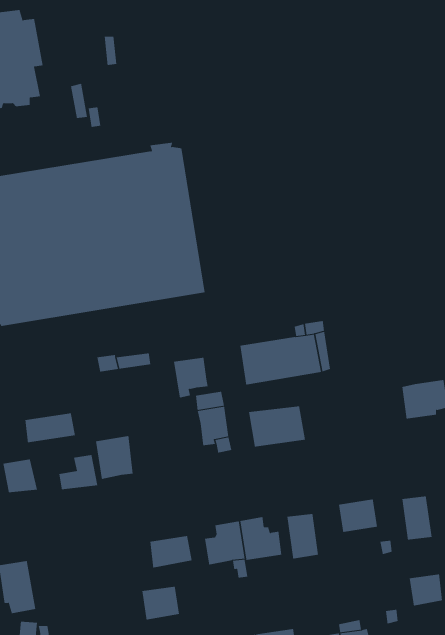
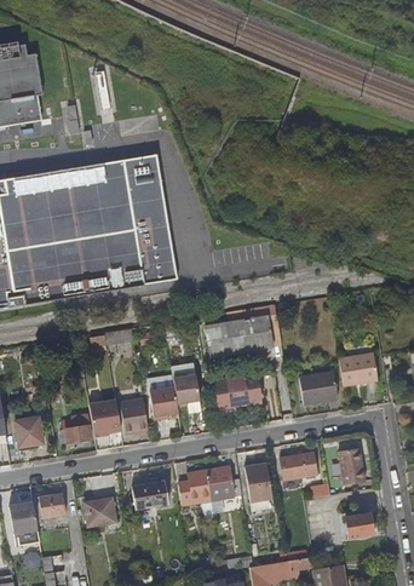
building: [173,357,209,398] -> [149,387,178,421]
building: none -> [301,369,340,400]
building: [25,413,76,443] -> none
building: none -> [122,403,148,431]
building: none -> [39,490,65,516]
building: [142,586,180,620] -> [84,495,115,523]

